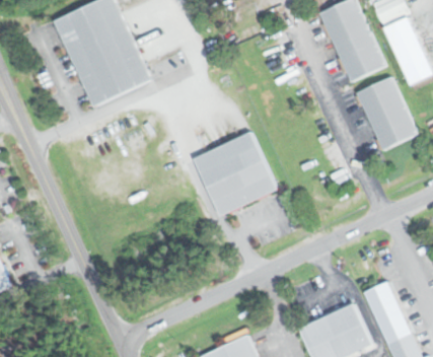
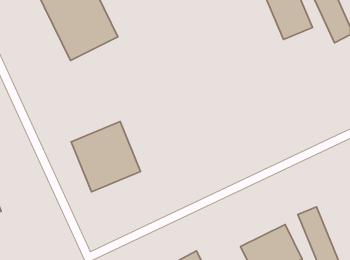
building: [357,76,417,149] -> none
building: [194,131,277,215] -> [71,122,141,192]

